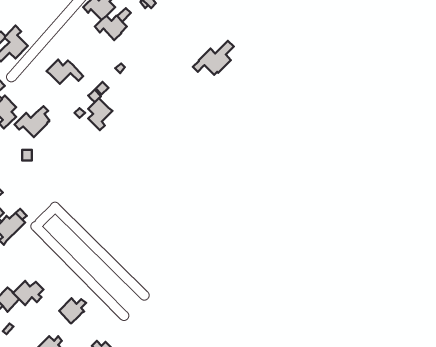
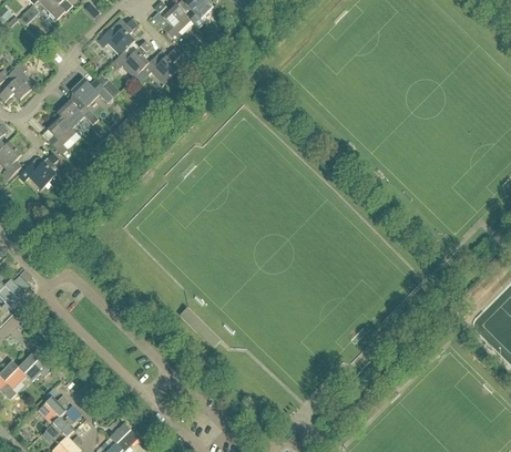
building: none -> [70,79,113,106]
building: [193,41,234,75] -> [134,48,181,86]
building: [88,98,112,130] -> [48,117,75,154]
building: [59,298,86,323] -> [37,396,68,424]

